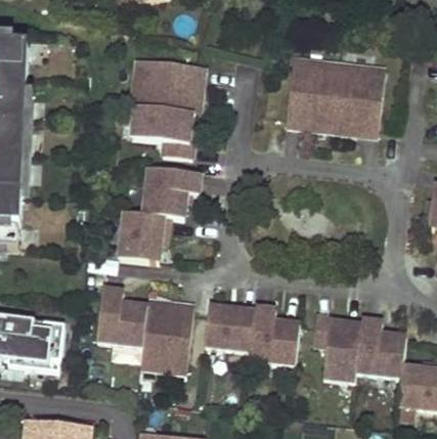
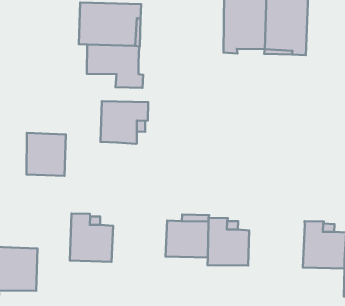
building: [116,209,163,260] -> [27,133,66,176]
building: [142,304,196,372] -> none
building: [314,311,363,380] -> none

